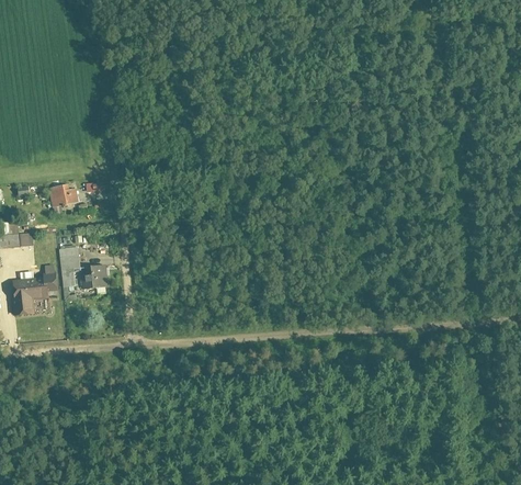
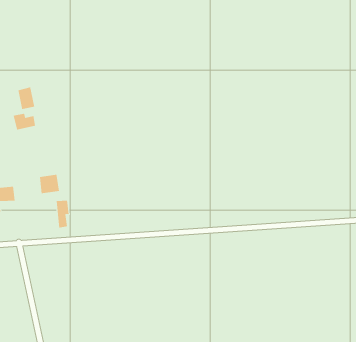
building: none -> [18,86,35,110]
building: [61,250,79,286] -> [56,200,69,228]

